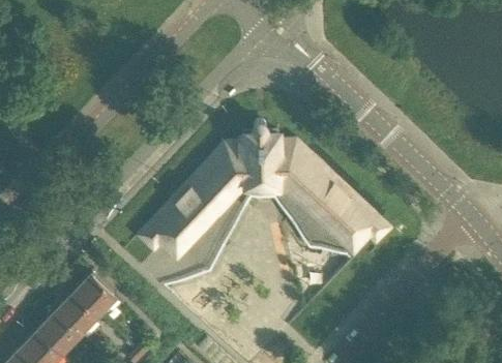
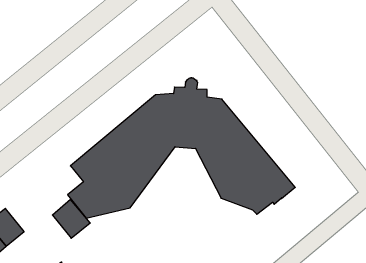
building: [76,271,118,313] -> [52,199,90,238]

